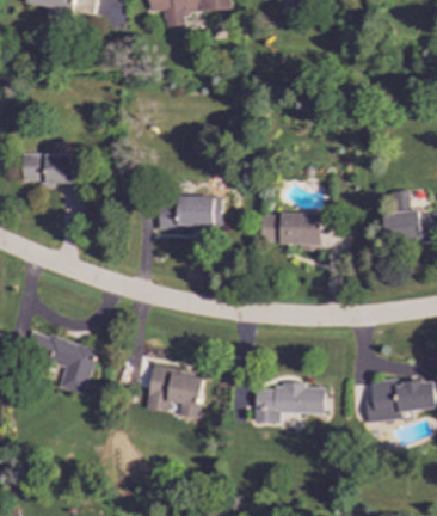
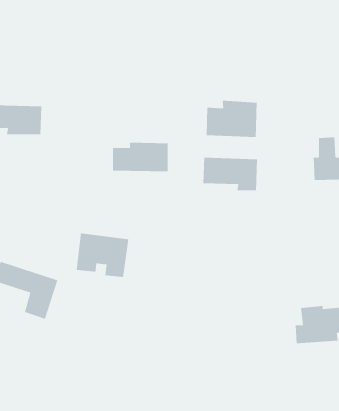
building: none -> [206,100,257,138]
building: [146,367,205,417] -> [76,233,129,278]
building: [254,381,325,422] -> none

